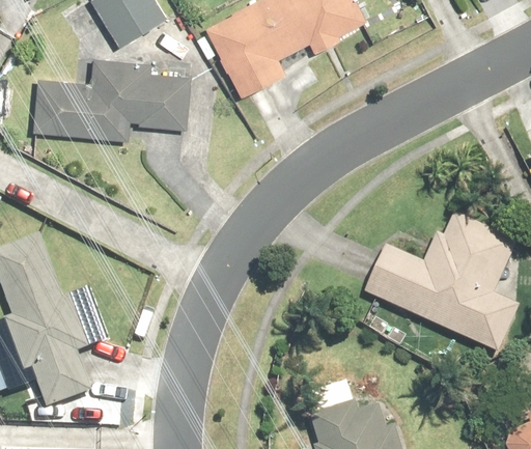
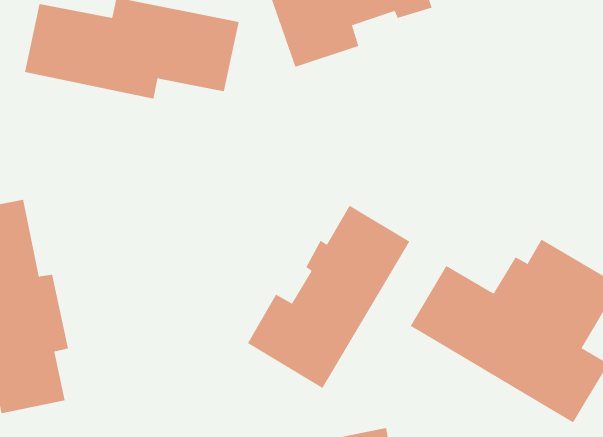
building: none -> [247,205,410,389]

